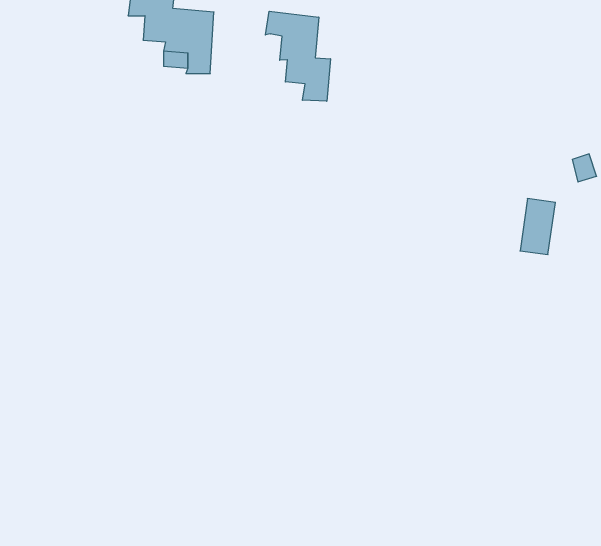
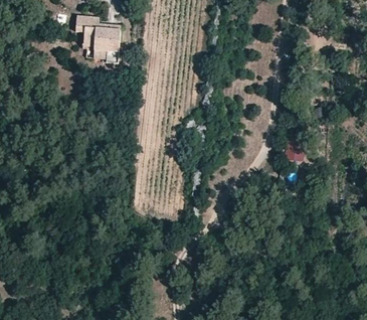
building: [265,11,330,101] -> none

